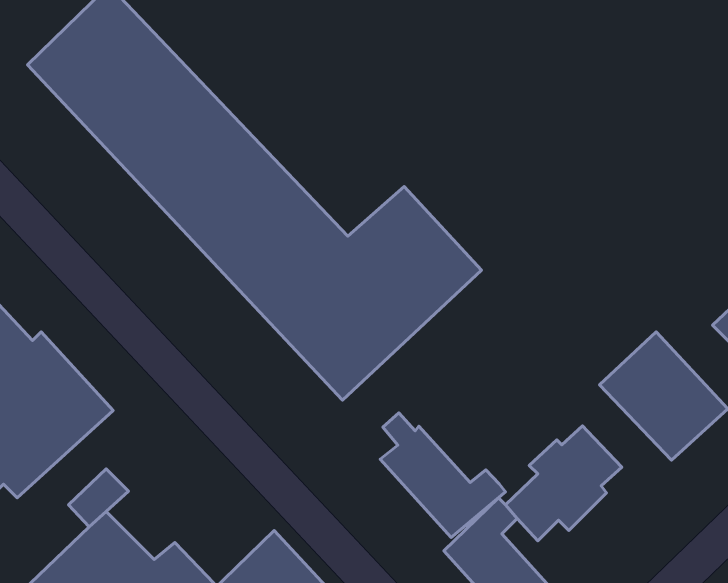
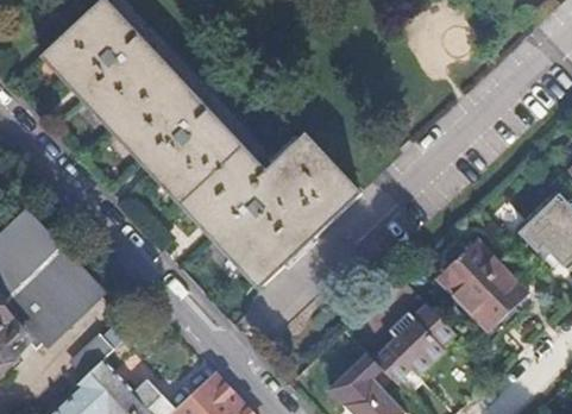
building: [380,413,506,538] -> none

